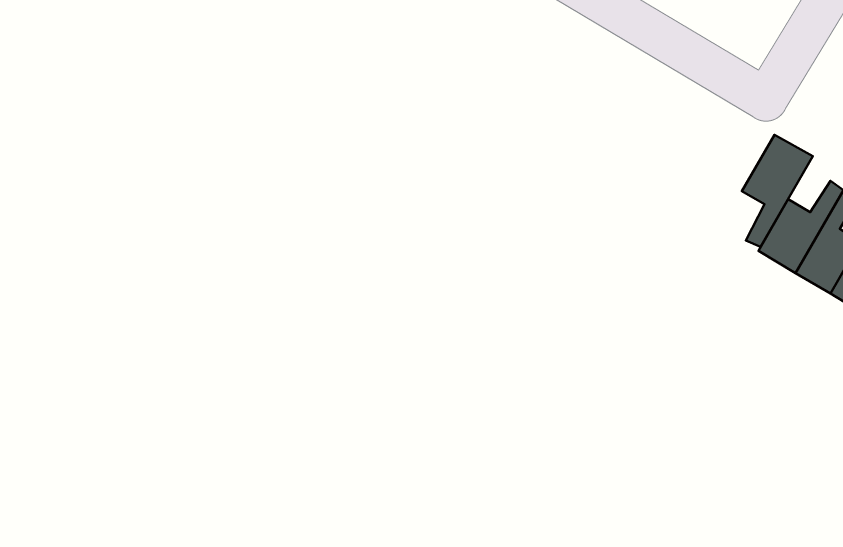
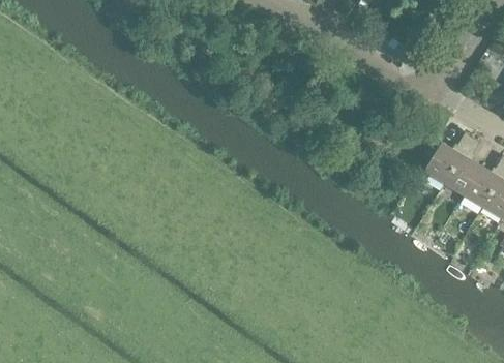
building: [742,135,813,247] -> none

